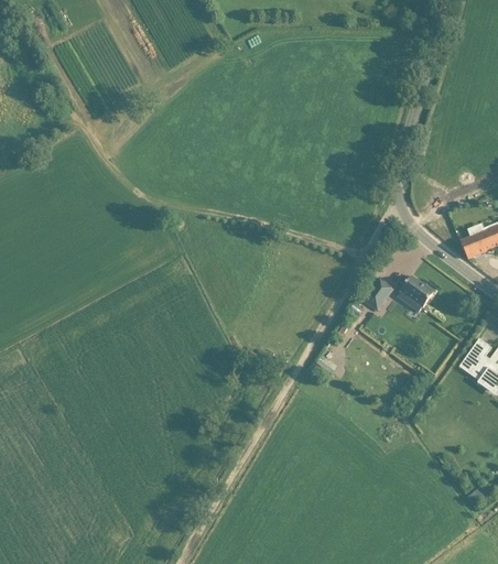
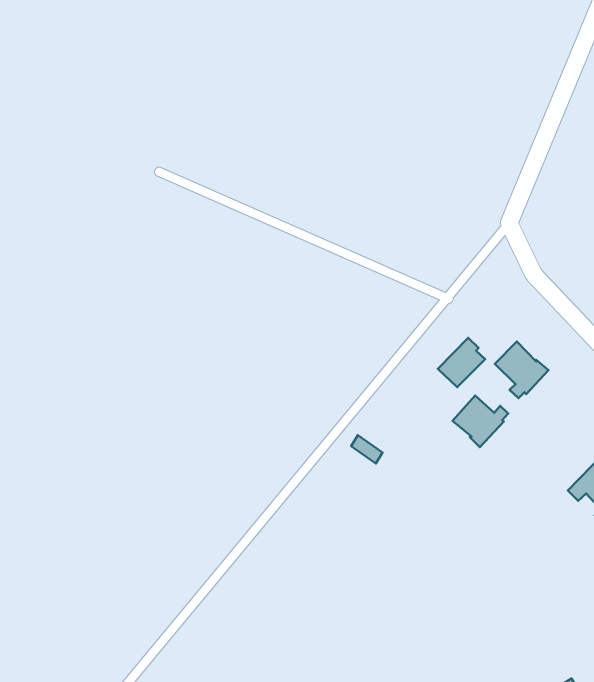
building: none -> [453,396,508,447]

